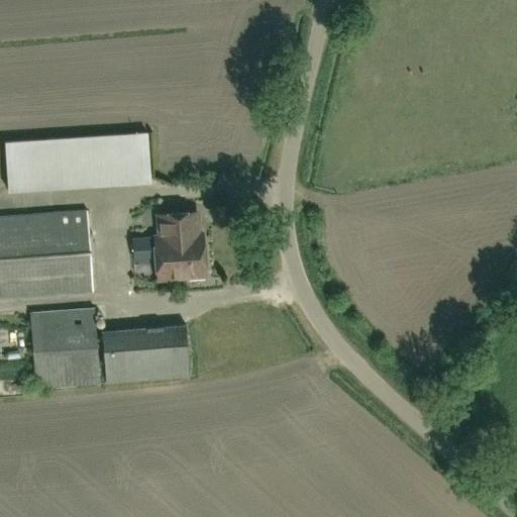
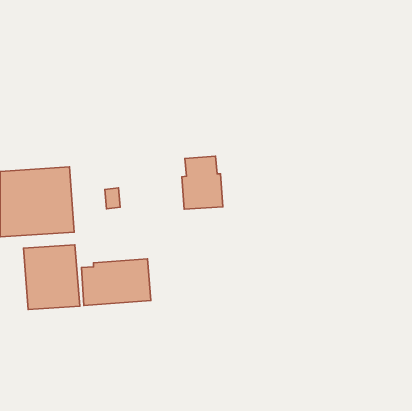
building: [5,133,150,191] -> none
building: [153,212,205,279] -> [182,156,223,209]

